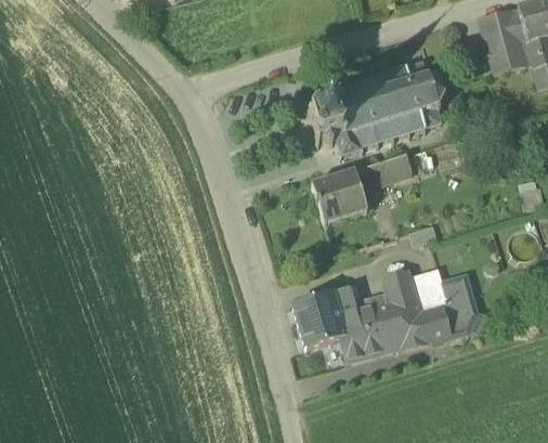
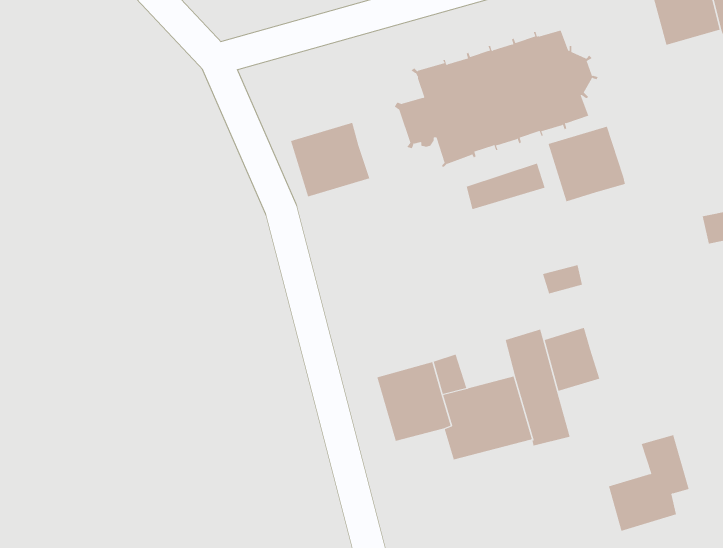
building: none -> [548,126,625,202]
building: [312,170,367,222] -> [290,122,370,197]
building: [419,276,475,343] -> [608,435,689,532]

